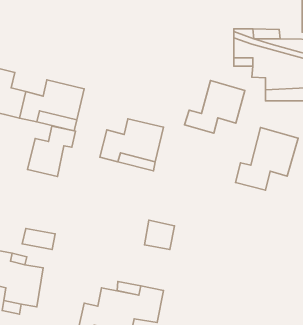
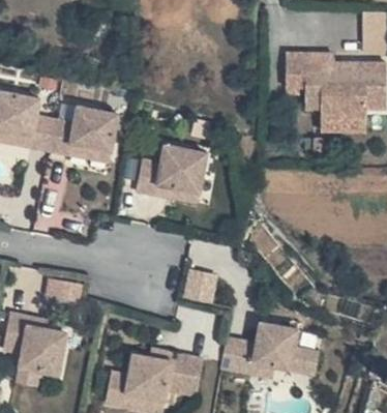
building: [185,81,245,133] -> none
building: [28,126,76,177] -> none
building: [235,127,298,190] -> none
building: none -> [220,321,321,379]

